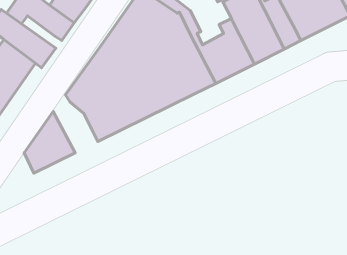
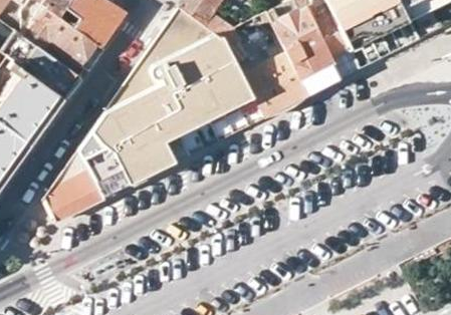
building: none -> [78,129,130,196]

